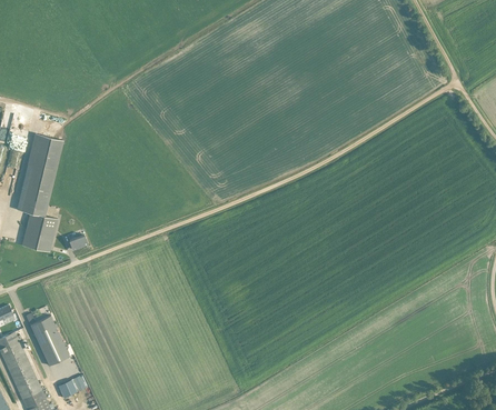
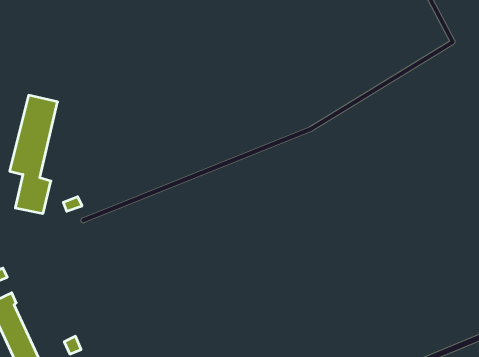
building: [30,316,69,366] -> none

